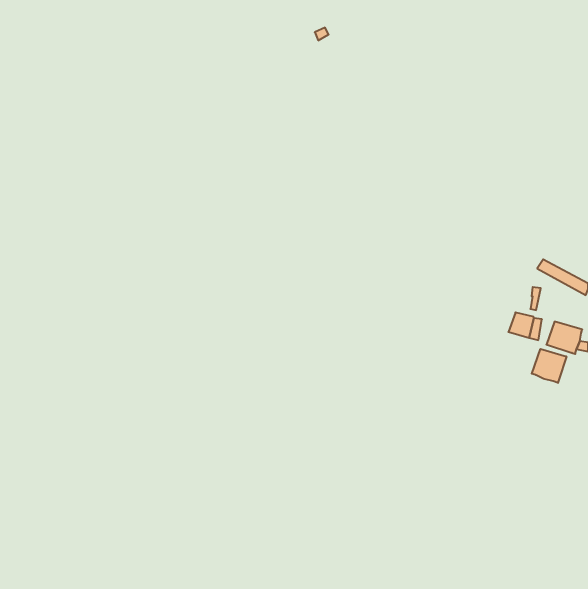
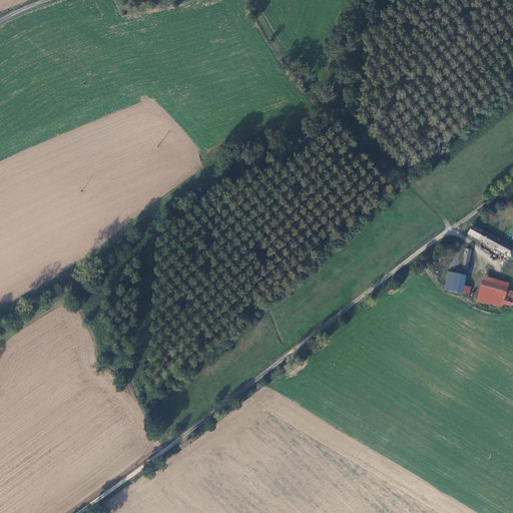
building: [532,349,566,383] -> none

